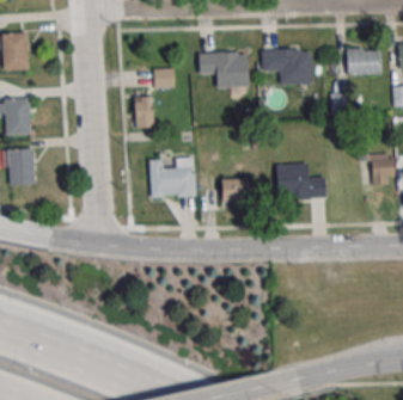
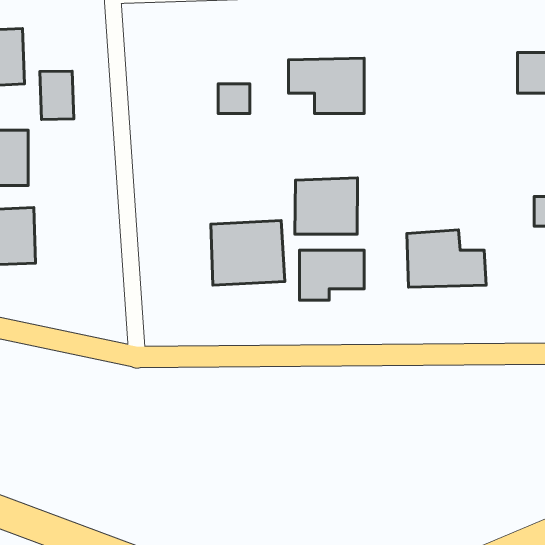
building: [263,48,312,85] -> none
building: none -> [40,71,74,119]
building: [135,96,154,127] -> none
building: none -> [295,178,357,234]

